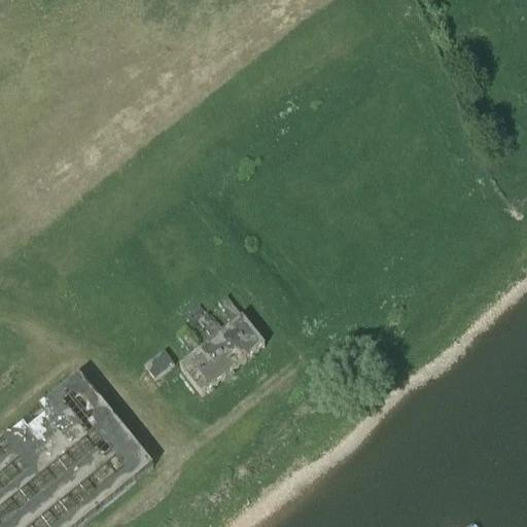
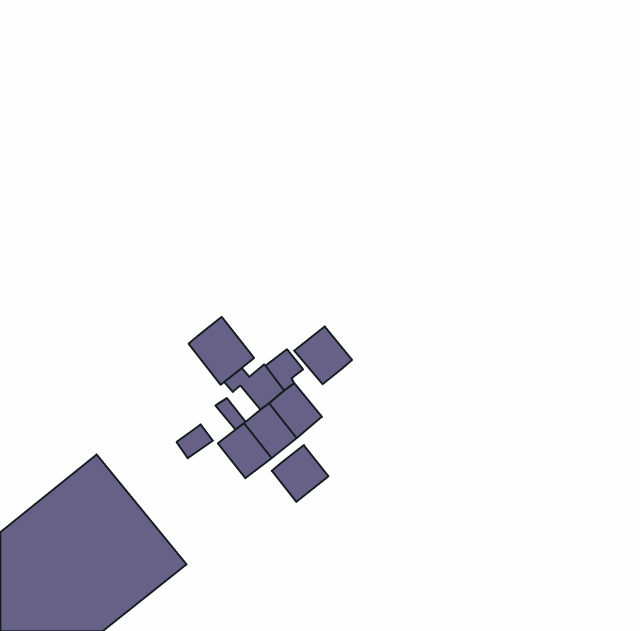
building: none -> [189,317,254,385]
building: none -> [294,326,352,384]
building: none -> [272,445,328,502]

